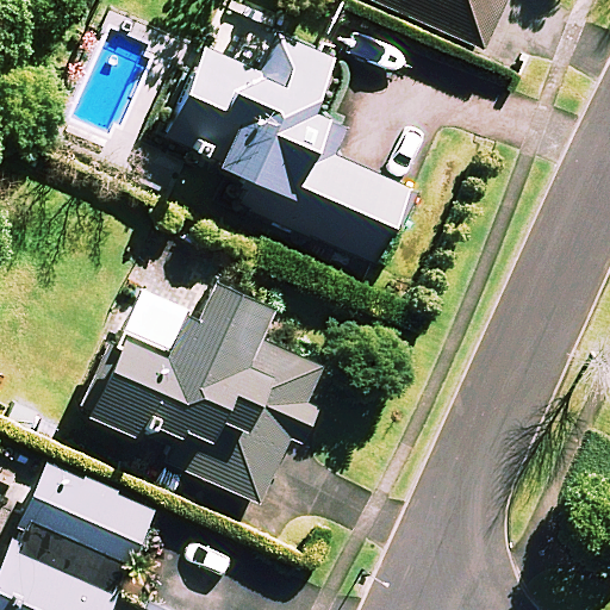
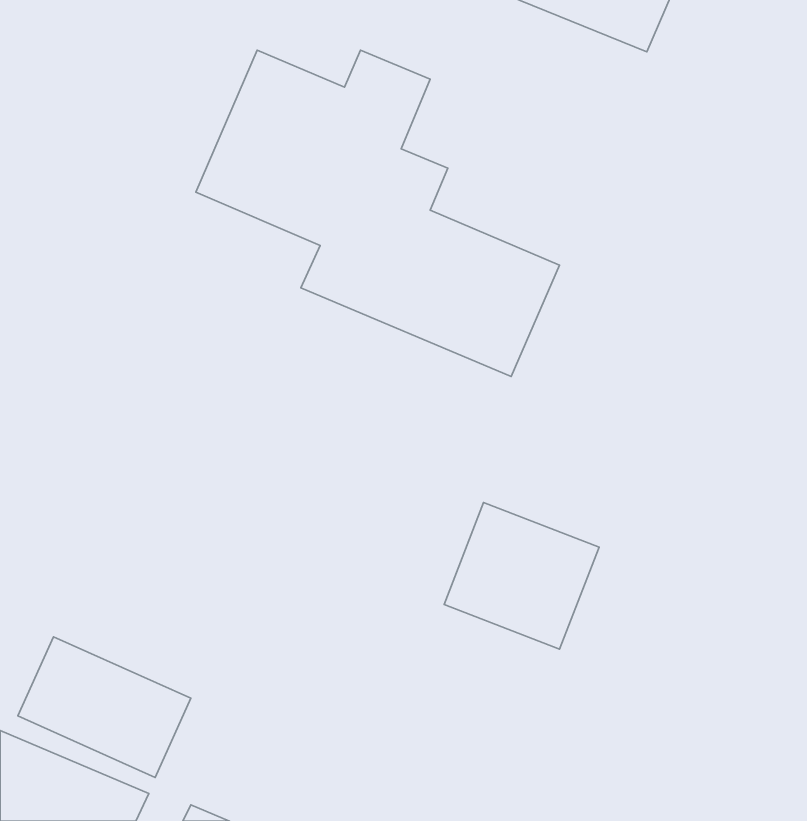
building: [99,262,335,475] -> none
building: none -> [444,502,599,649]

